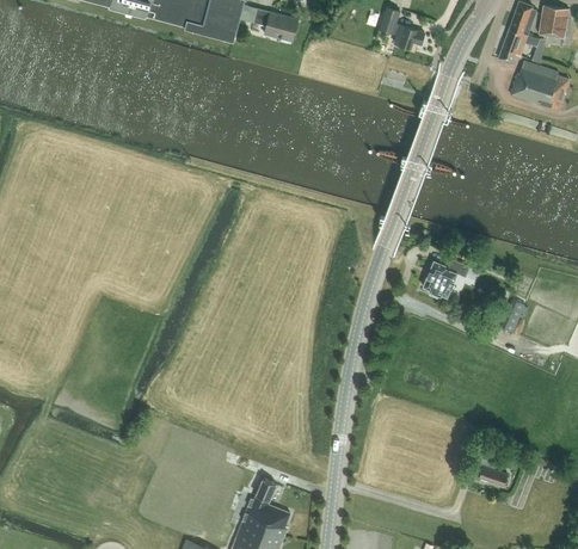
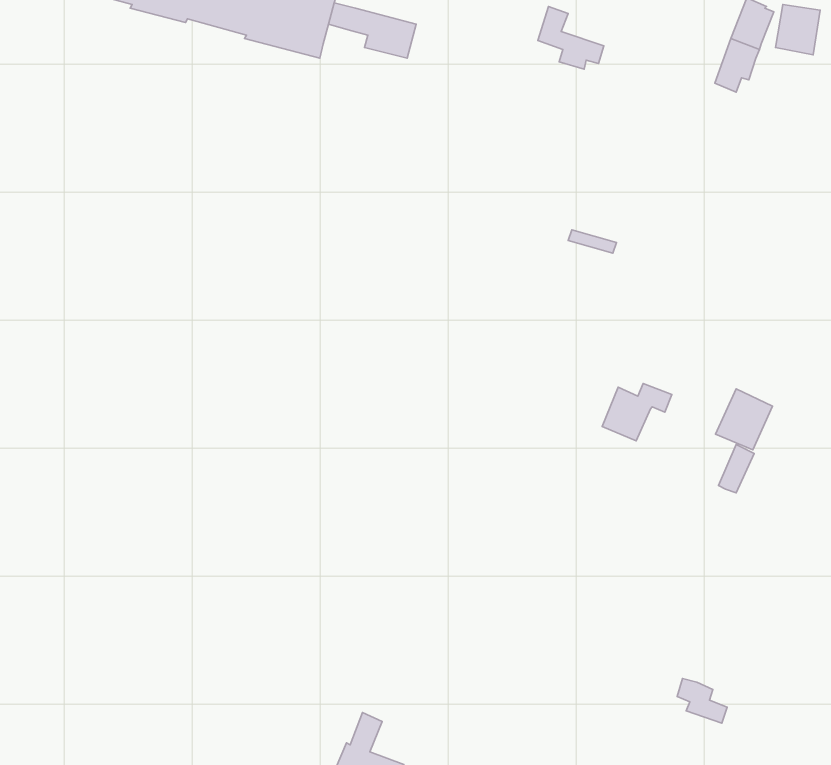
building: [510,61,568,111] -> none
building: none -> [716,389,772,450]

